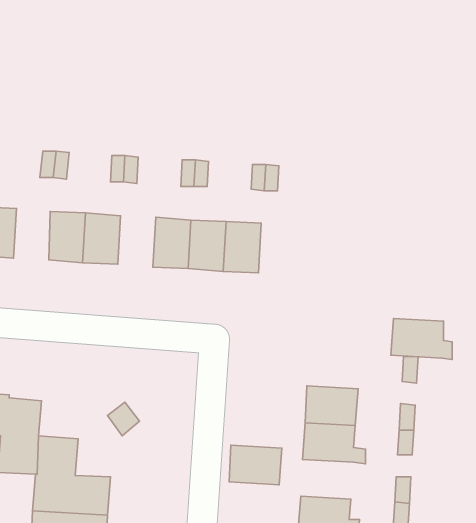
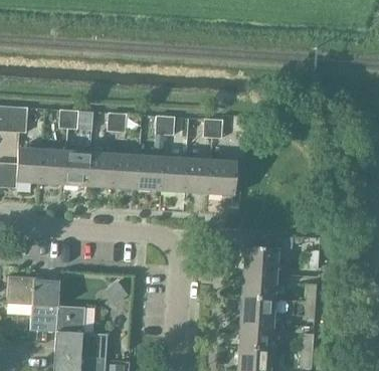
building: none -> [41,149,66,184]
building: none -> [113,154,139,189]
building: none -> [209,159,236,195]
building: [391,318,452,359] -> [242,245,285,273]
building: [229,445,282,485] -> [238,321,274,348]

